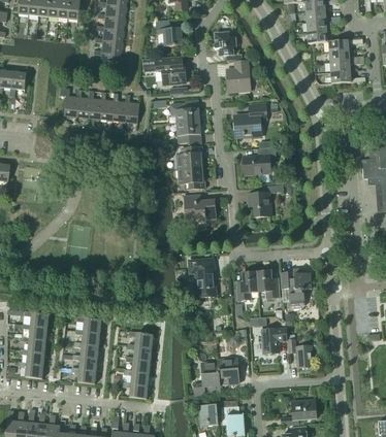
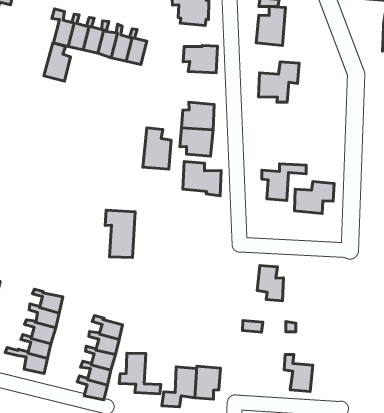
building: none -> [44,43,71,81]
building: [176,121,201,143] -> none
building: [245,147,277,174] -> [295,182,334,214]
building: none -> [143,128,171,169]
building: [189,259,216,298] -> [105,210,135,257]
building: [281,268,311,306] -> none
building: [236,271,258,301] -> none
building: [261,329,287,352] -> none
building: none -> [119,353,161,394]

